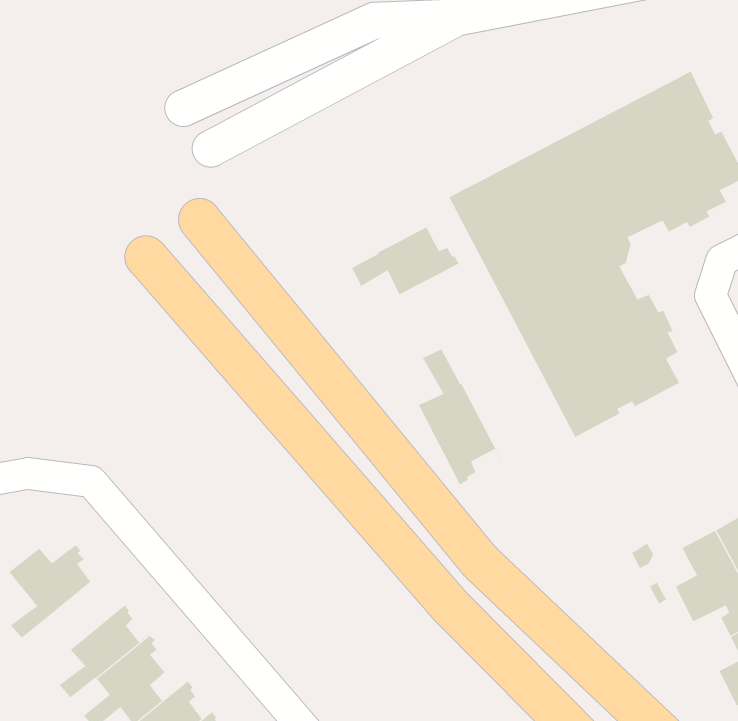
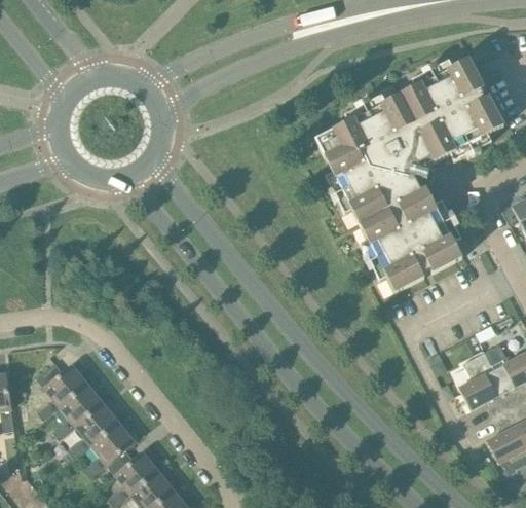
building: [352,221,459,295] -> none
building: [418,348,503,485] -> none
building: none -> [51,378,109,438]

